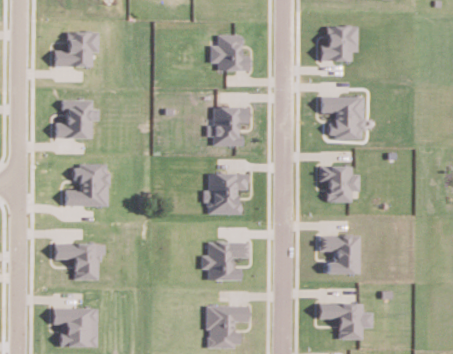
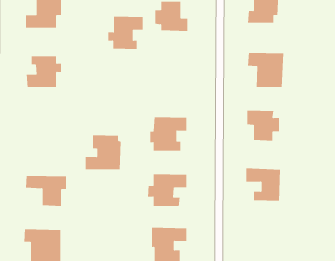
building: [206,106,249,146] -> [107,16,143,50]
building: [65,164,109,206] -> [85,135,121,170]
building: [319,303,372,339] -> none

